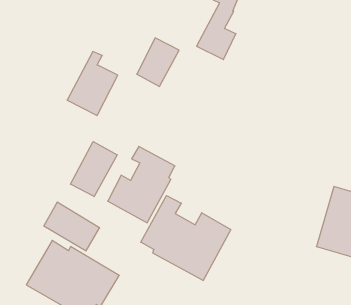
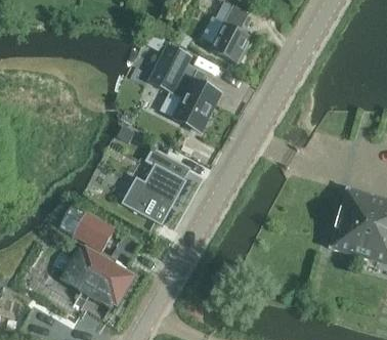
building: [67,52,118,116] -> [171,69,221,132]
building: [71,142,117,197] -> none
building: [141,196,231,281] -> none

